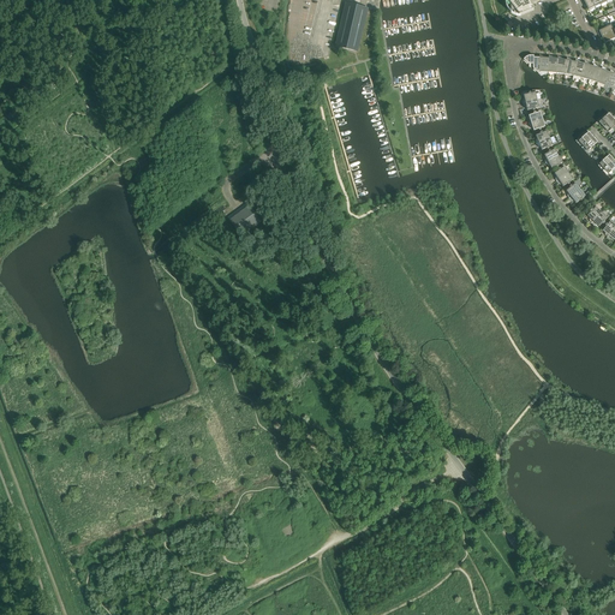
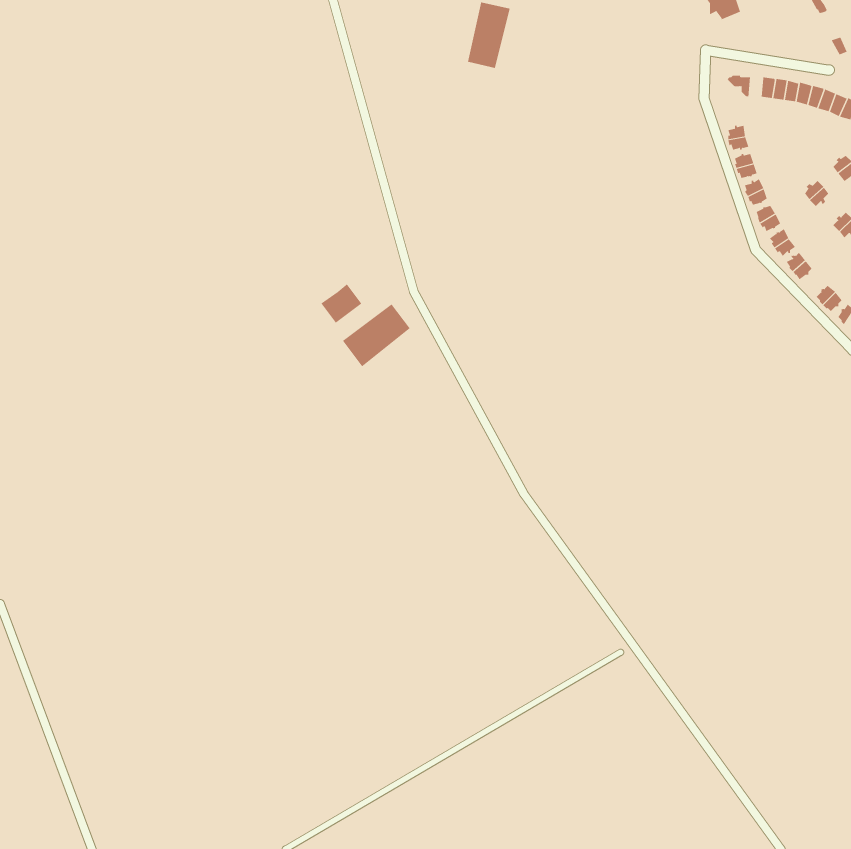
building: none -> [342,304,411,367]

